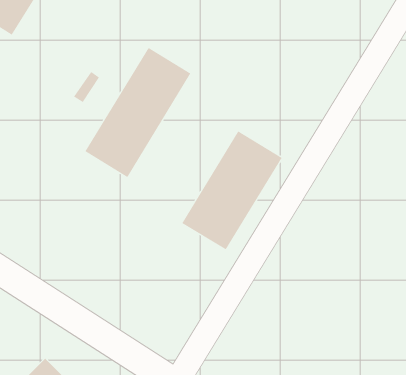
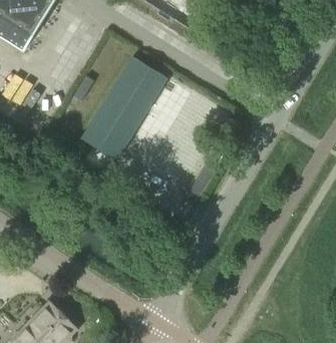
building: [181,131,282,250] -> none

